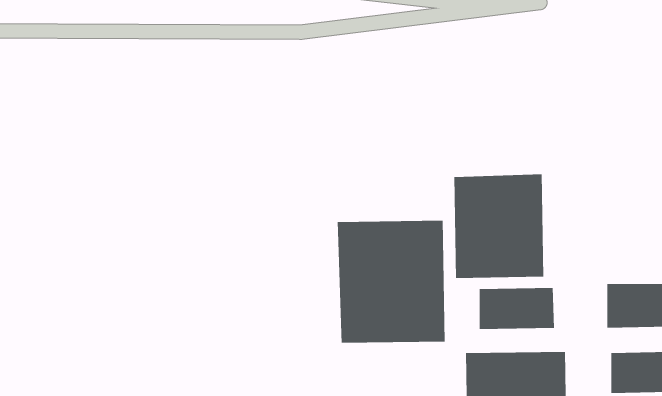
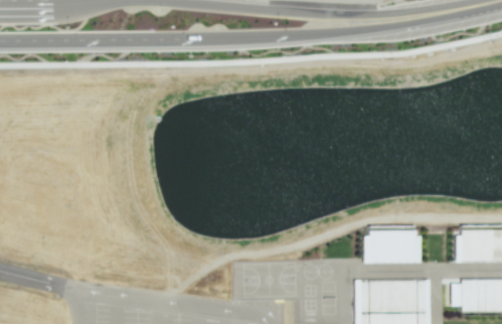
building: [454,173,544,279] -> none
building: [337,220,445,344] -> none

